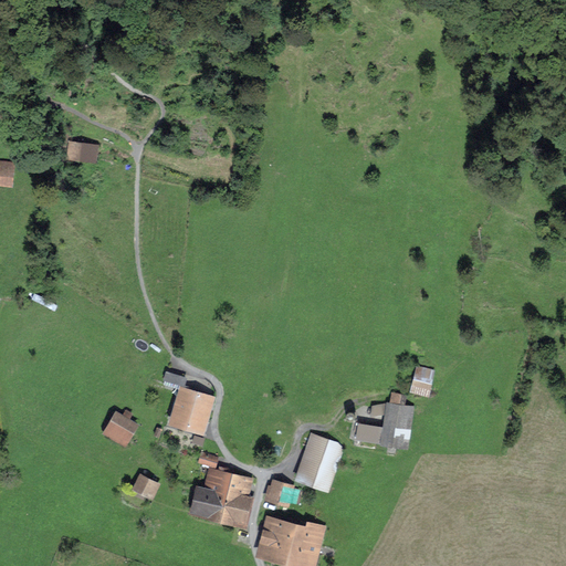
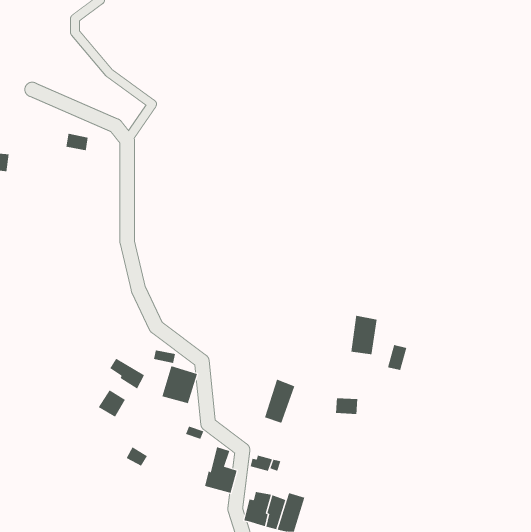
building: none -> [109,358,145,389]
building: [384,405,412,447] -> [350,315,377,355]
building: [303,438,336,485] -> [264,379,295,424]
building: [189,471,230,516] -> none

